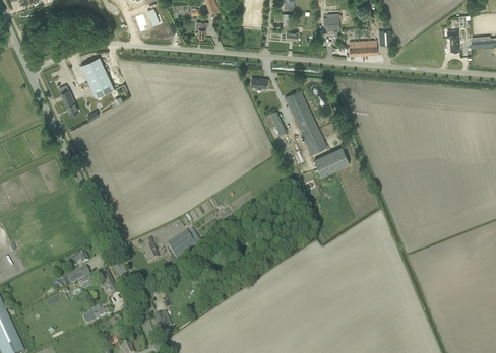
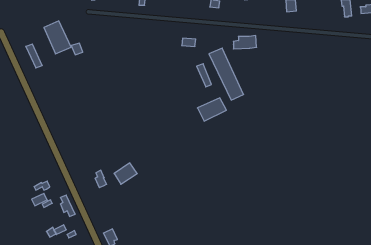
building: [349,40,377,56] -> [233,36,257,49]
building: [313,148,349,176] -> [197,98,226,121]

